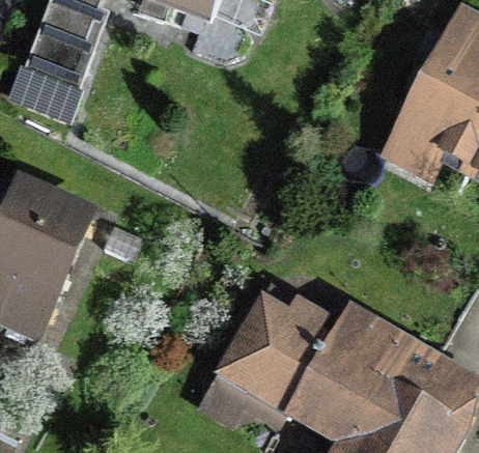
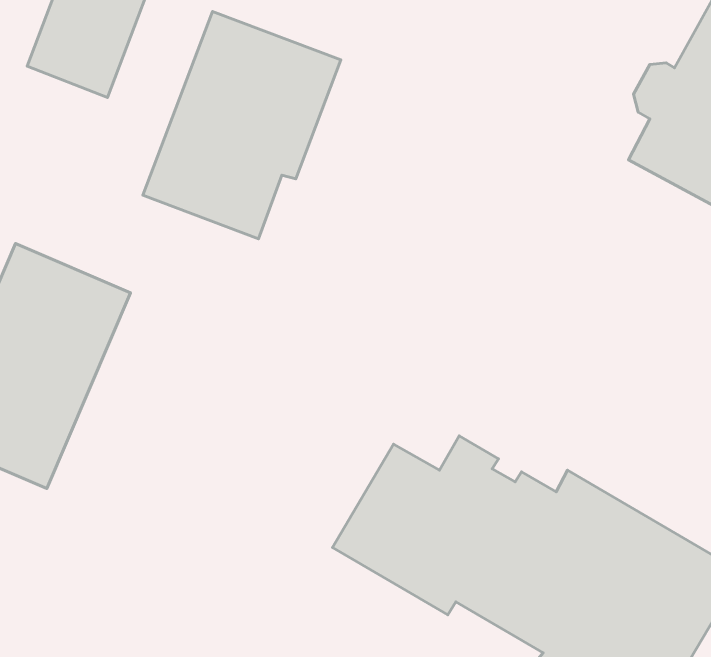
building: none -> [143,11,341,239]

